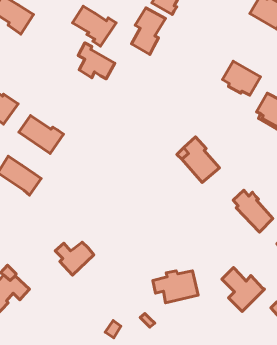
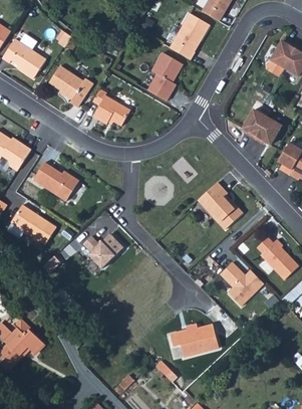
building: [72,6,116,46] -> [49,65,94,107]
building: [55,242,94,275] -> [80,235,120,269]
building: [222,268,264,311] -> [217,264,261,310]

